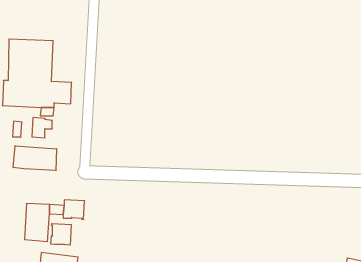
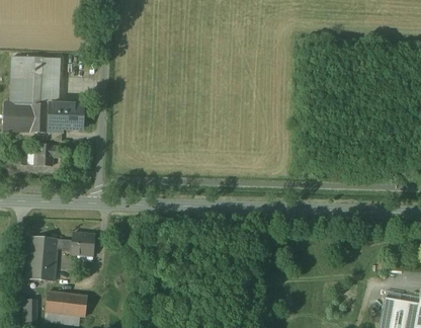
building: [13,146,57,171] -> none
building: [51,224,71,245] -> none

